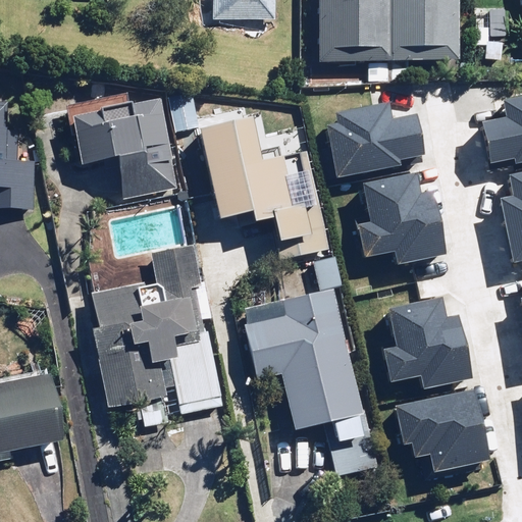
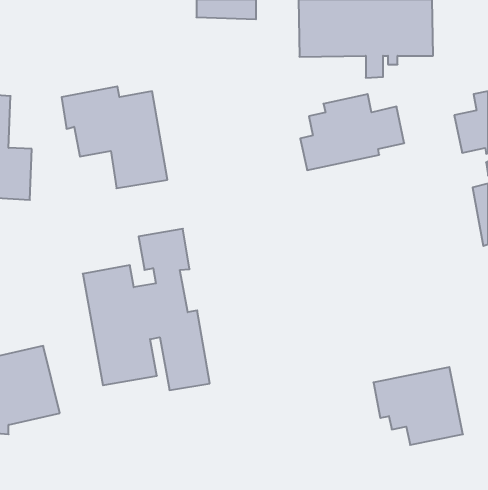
building: [202,116,312,239] -> none
building: [358,174,446,262] -> none
building: [244,290,376,477] -> none
building: [382,297,475,387] -> none

